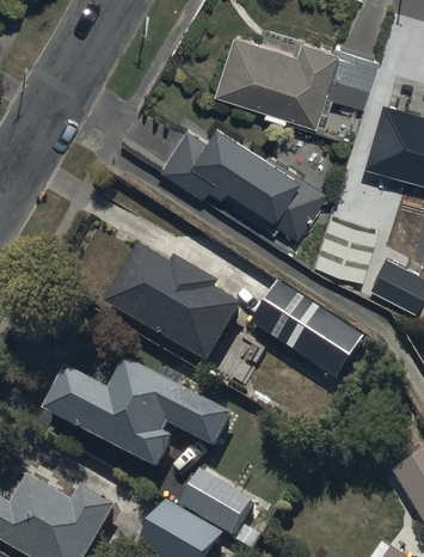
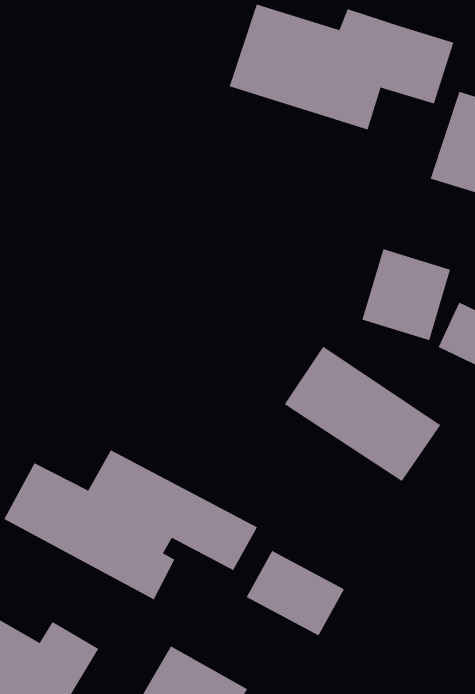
building: [158,118,326,235] -> none
building: [104,247,241,365] -> none
building: [182,471,254,534] -> [246,550,345,636]

